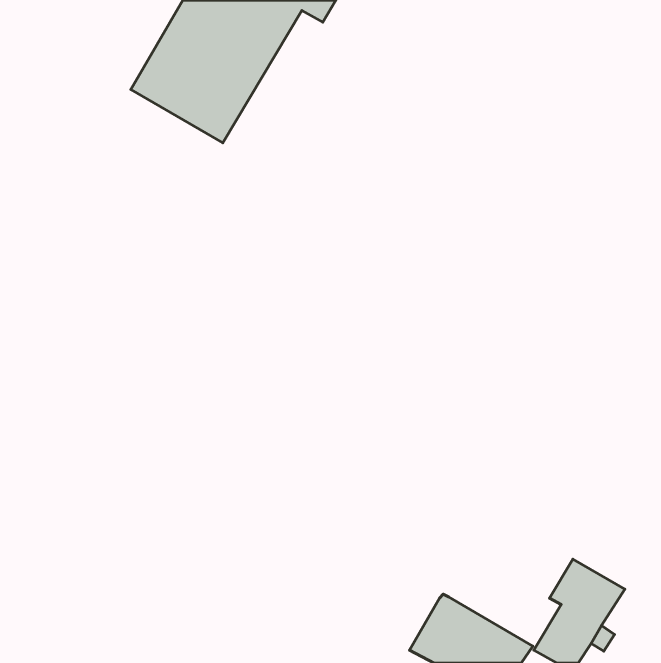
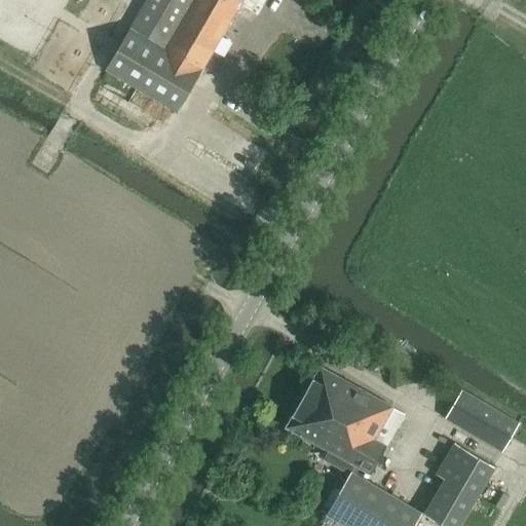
building: none -> [285,366,392,475]
building: none -> [444,388,519,452]

